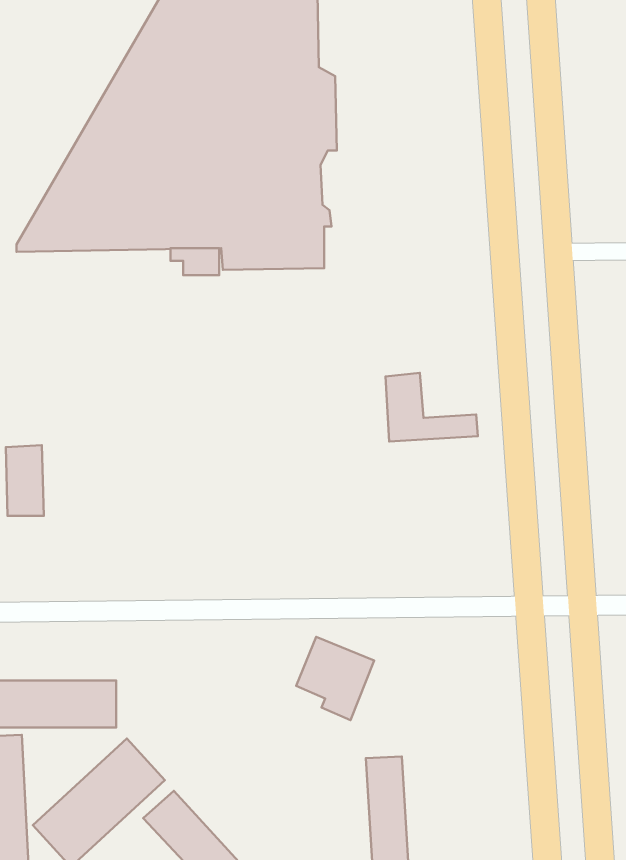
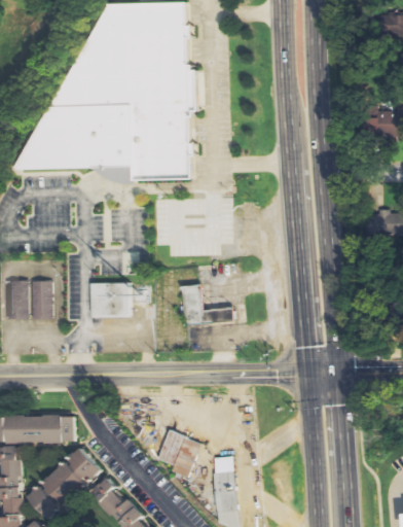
building: [386,373,478,441] -> [182,285,234,324]
building: none -> [33,281,53,320]
building: none -> [90,283,145,318]
building: [296,637,374,720] -> [157,431,202,479]

